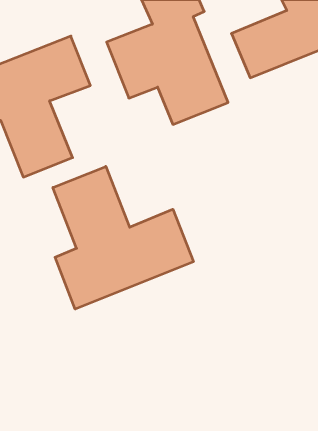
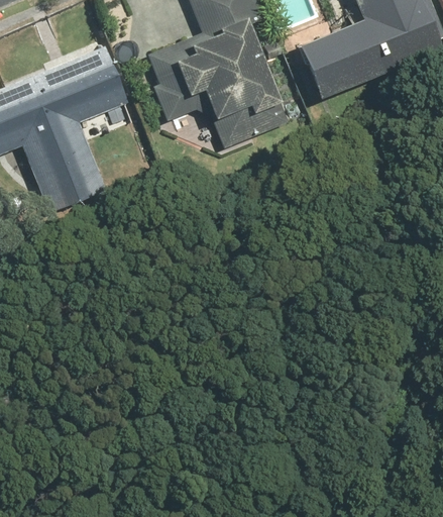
building: [53,166,193,309] -> none

